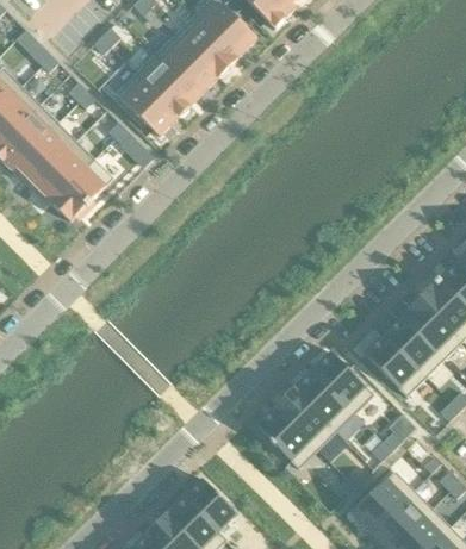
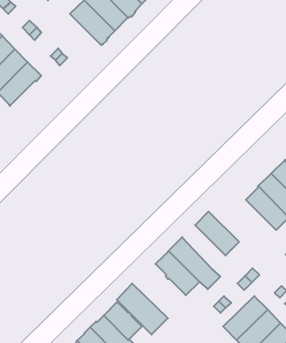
building: [116,71,179,135] -> none
building: [50,158,113,220] -> none
building: [364,333,425,395] -> none
building: [293,369,354,431] -> none
building: none -> [117,283,168,335]

